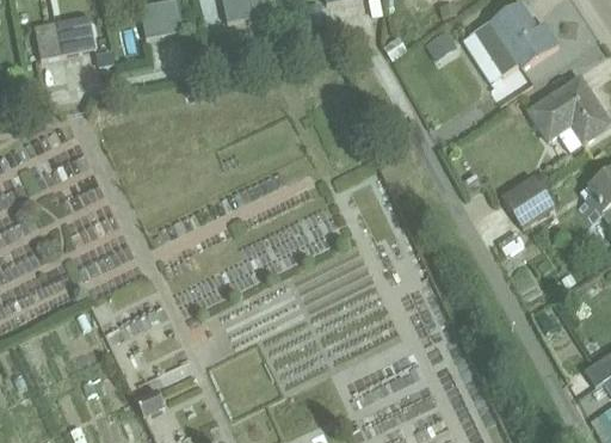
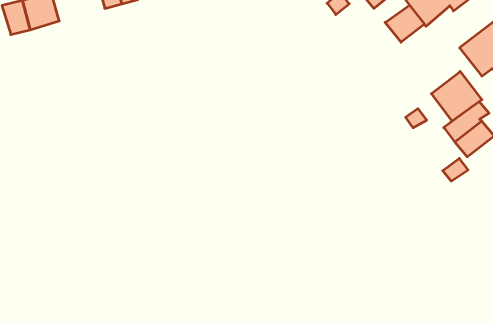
building: none -> [385,5,424,42]
building: none -> [431,71,482,121]

